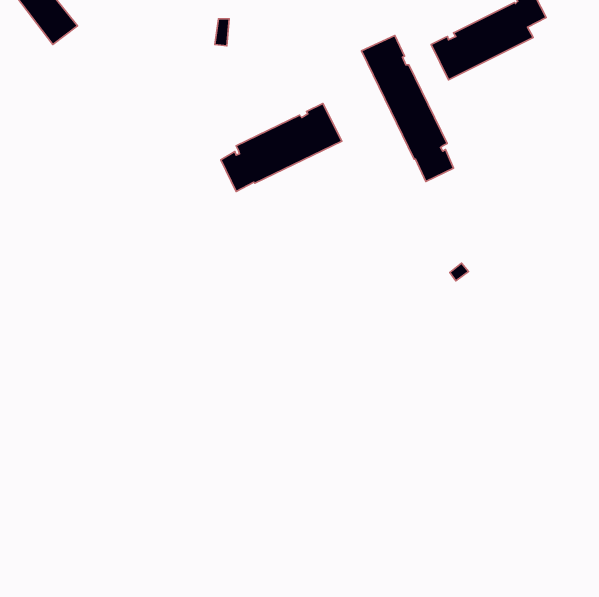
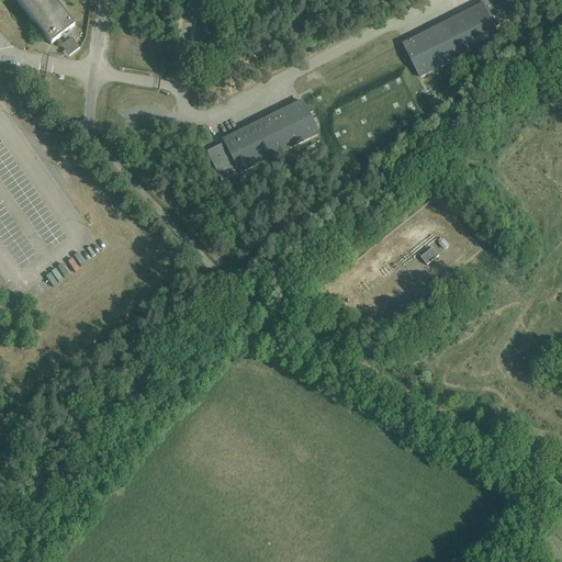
building: [362,35,453,182] -> none

